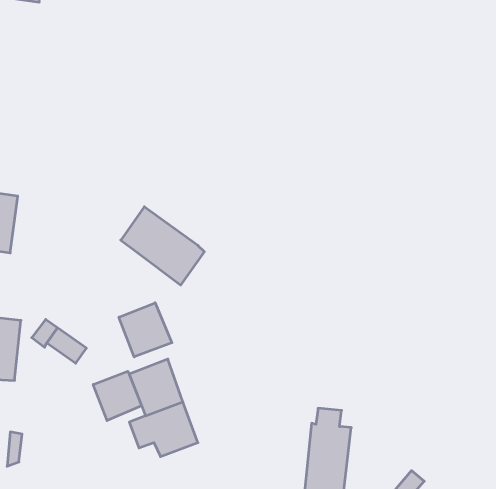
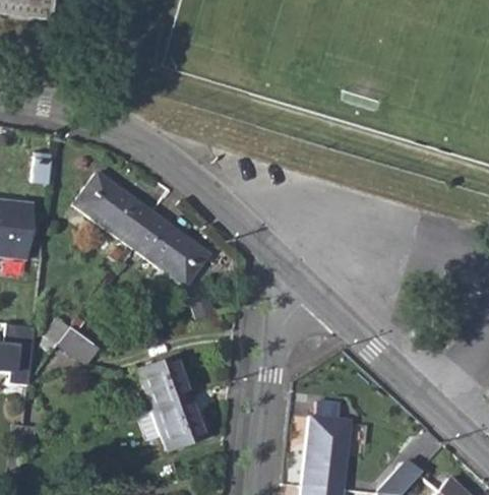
building: none -> [73,171,152,245]
building: [119,303,172,357] -> none
building: [93,371,142,421] -> none

